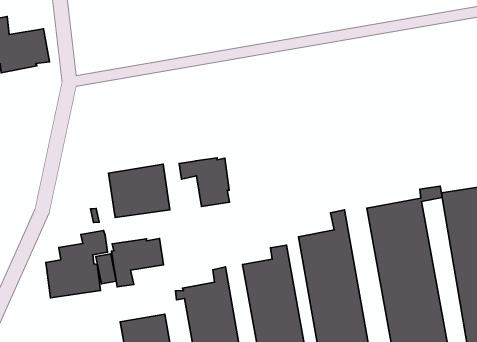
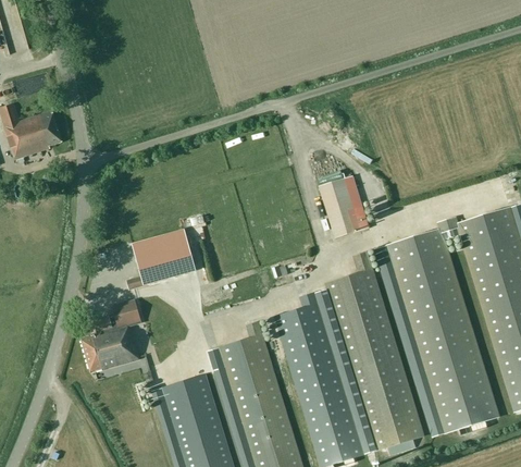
building: none -> [321,179,371,238]
building: [179,158,230,206] -> none
building: [111,238,164,287] -> none

